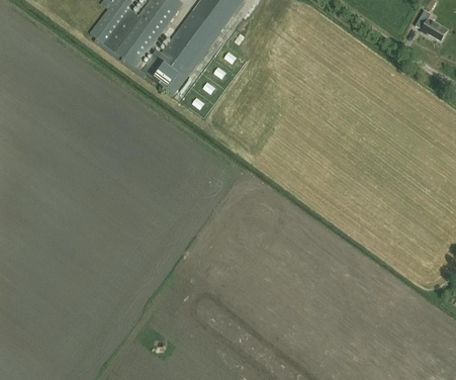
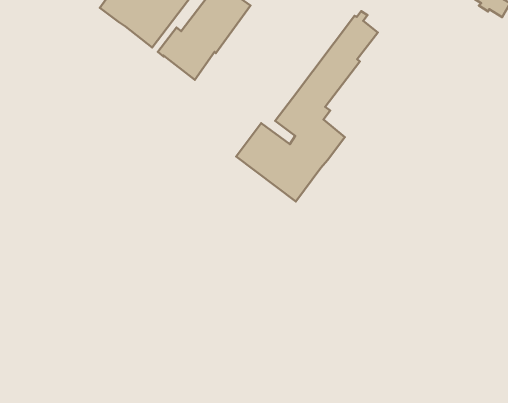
building: none -> [236,11,378,201]

